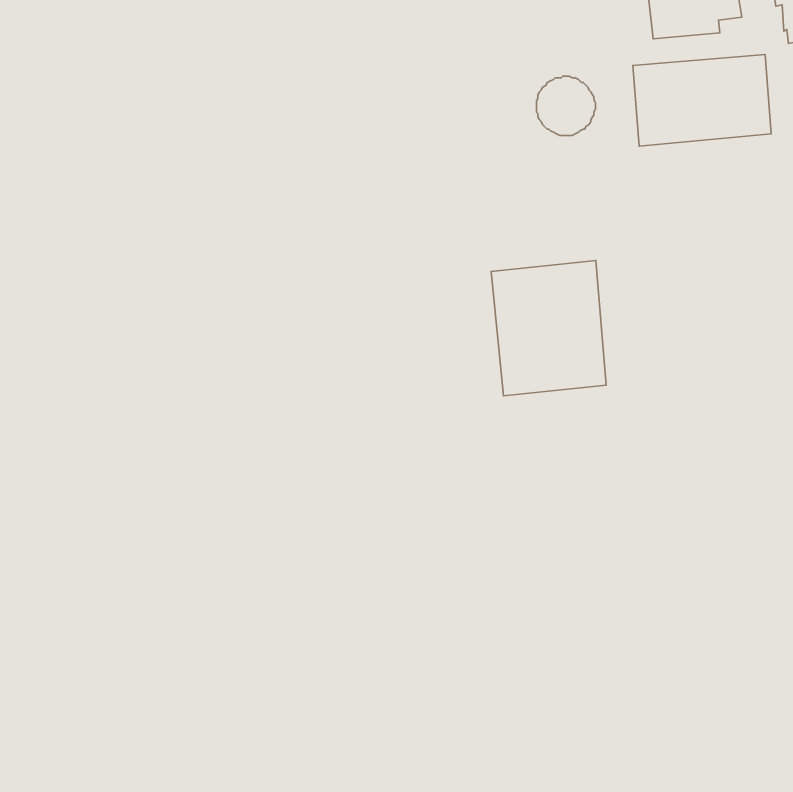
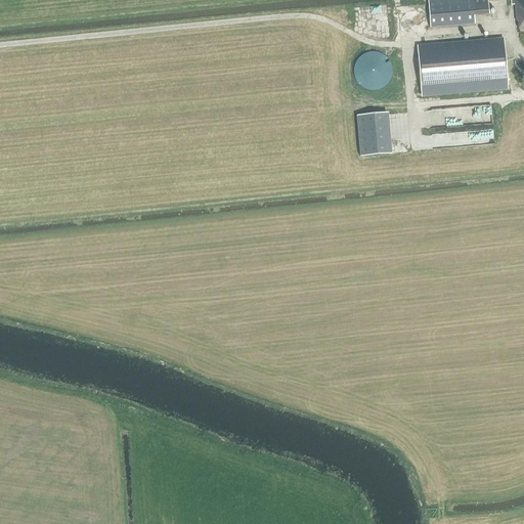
building: none -> [356,112,390,156]
building: [491,261,606,396] -> none

